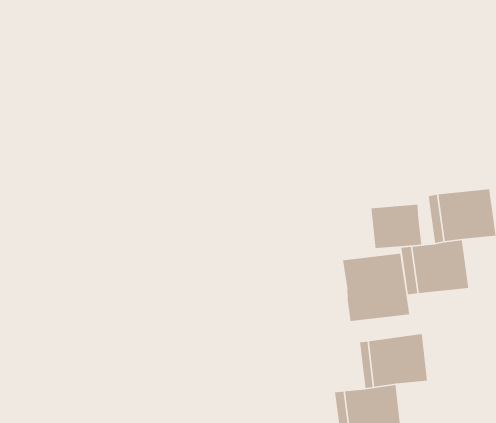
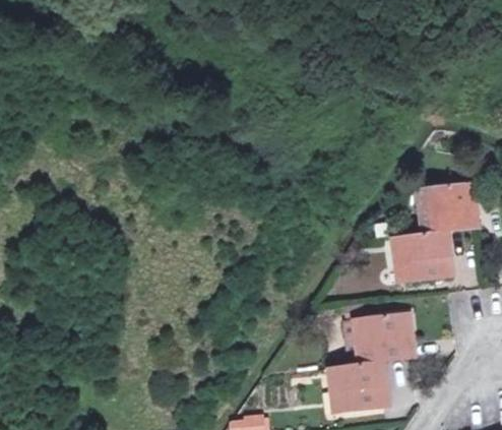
building: [371,204,422,249] -> none
building: [342,253,410,322] -> none

